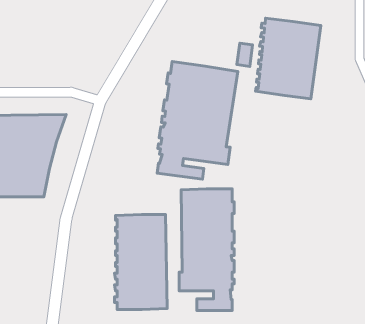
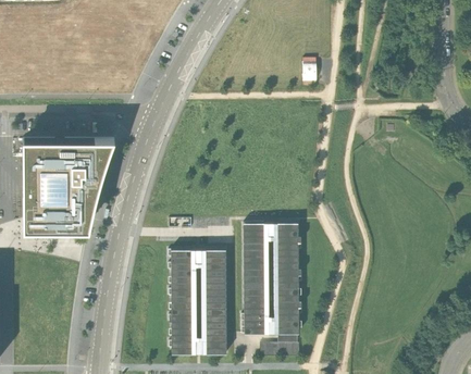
building: [256,18,321,99] -> none
building: [157,62,238,179] -> none

